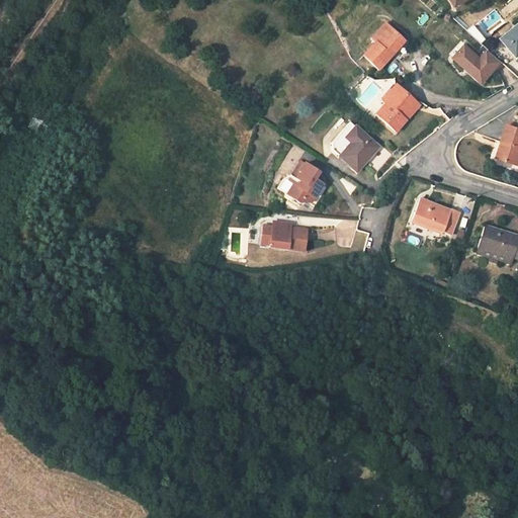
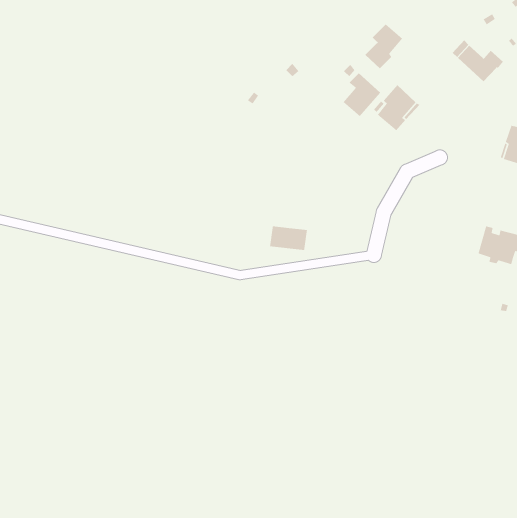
building: [341,126,379,171] -> [343,73,381,117]
building: [278,161,324,202] -> none
building: [412,198,461,235] -> none

